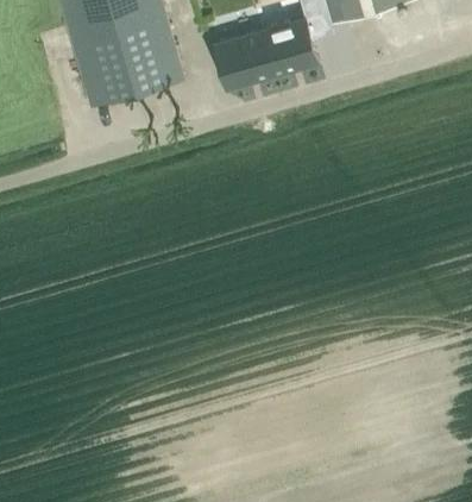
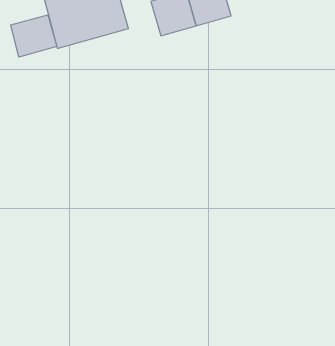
building: none -> [11,15,57,57]

